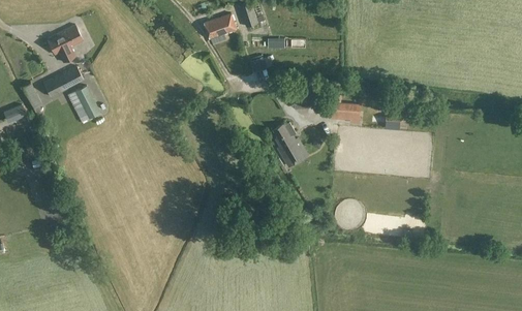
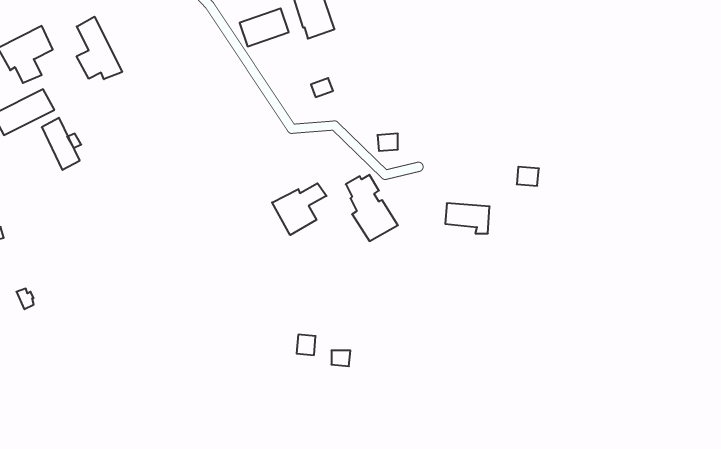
building: none -> [77,17,122,79]
building: [330,102,359,122] -> [445,203,490,233]
building: none -> [272,183,327,235]

